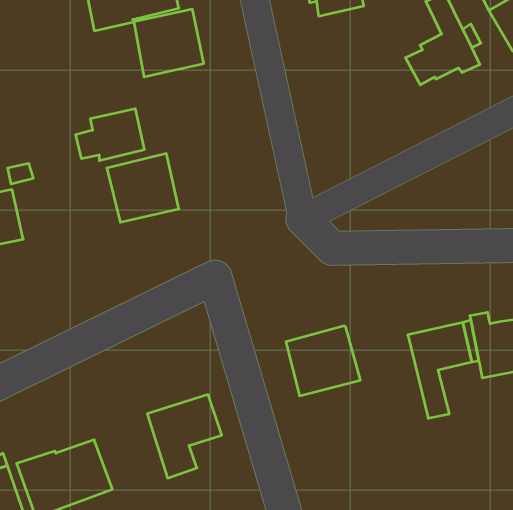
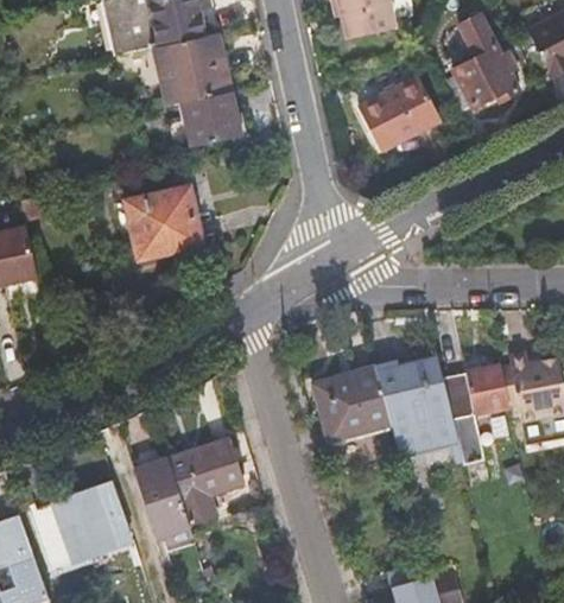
building: none -> [361,78,441,151]
building: [76,109,144,161] -> [164,90,236,145]
building: none -> [376,360,463,478]
building: none -> [134,459,189,537]

